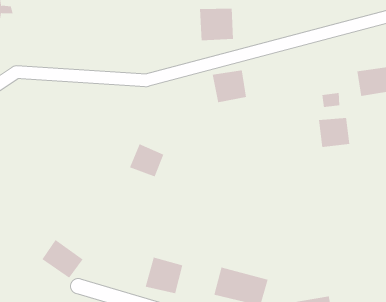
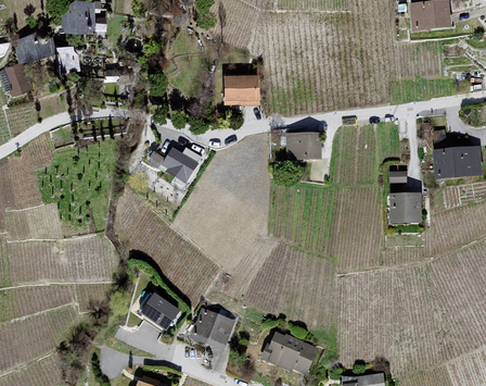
building: [199,8,234,41] -> [220,73,256,108]
building: [129,144,164,177] -> [158,144,195,179]
building: [42,239,83,278] -> [140,292,182,334]

